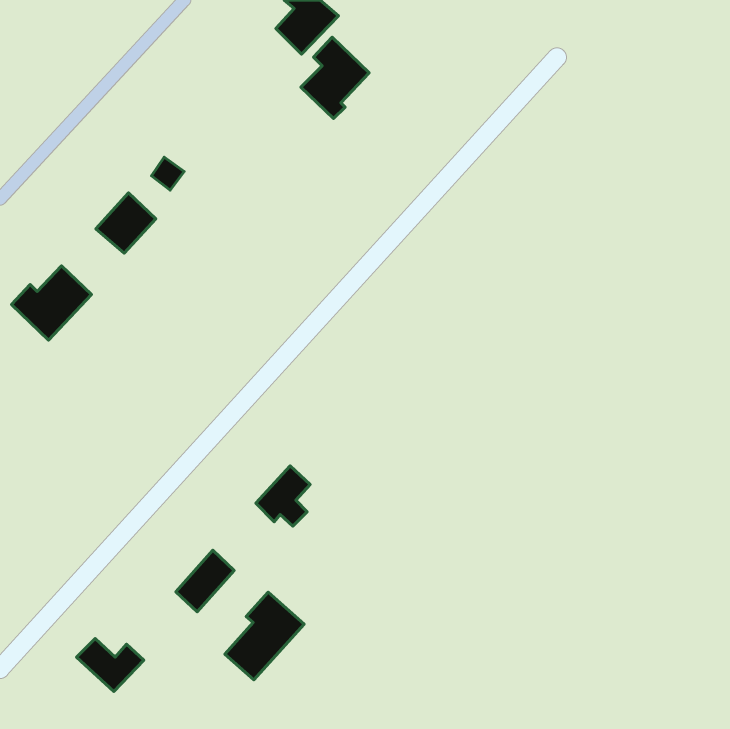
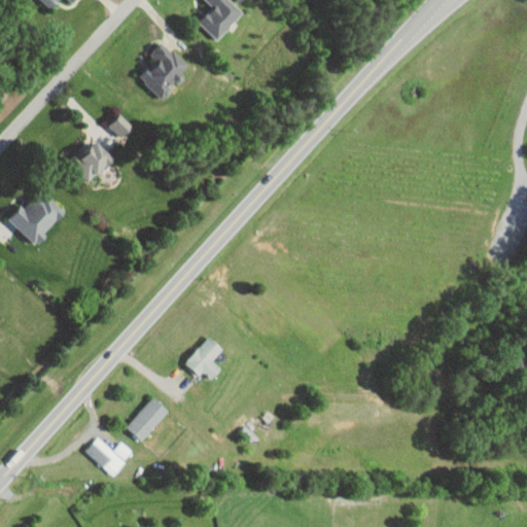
building: [301,37,369,119] -> [139,41,188,100]
building: [225,592,304,680] -> none
building: [77,639,144,691] -> [85,437,134,476]

